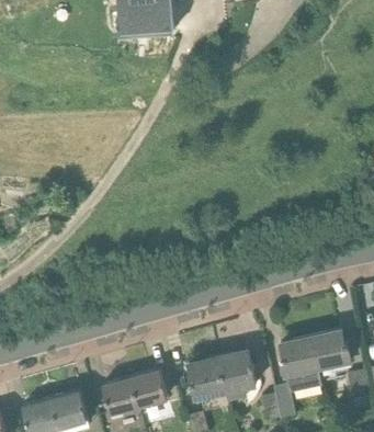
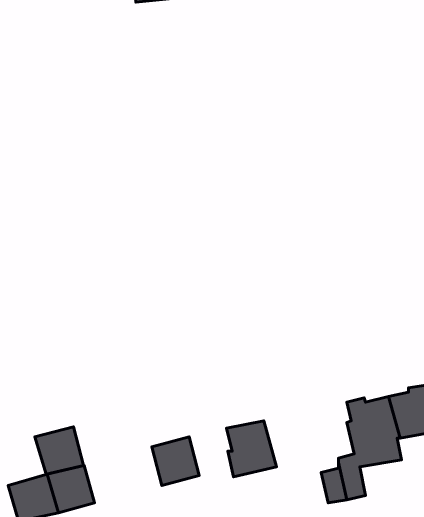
building: [217,350,258,400] -> none
building: [102,376,139,412] -> [35,427,84,474]

